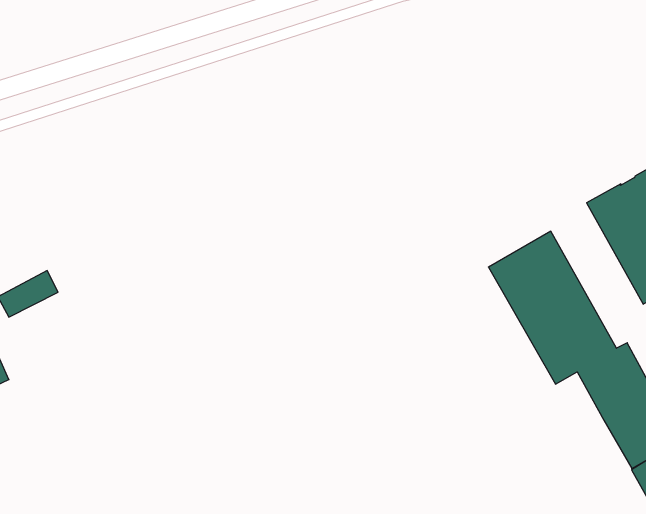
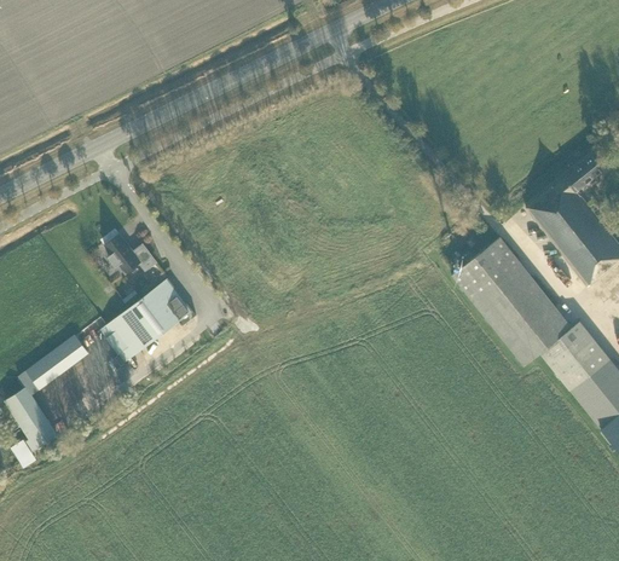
building: none -> [104,232,155,272]
building: none -> [92,276,192,378]

